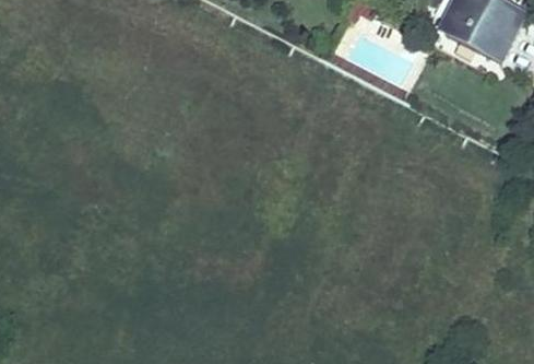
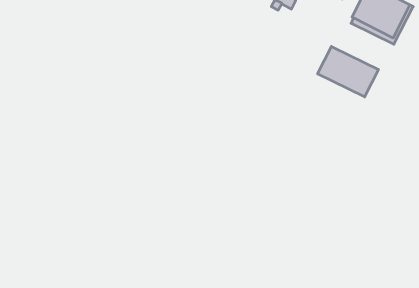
building: none -> [318,46,378,97]

